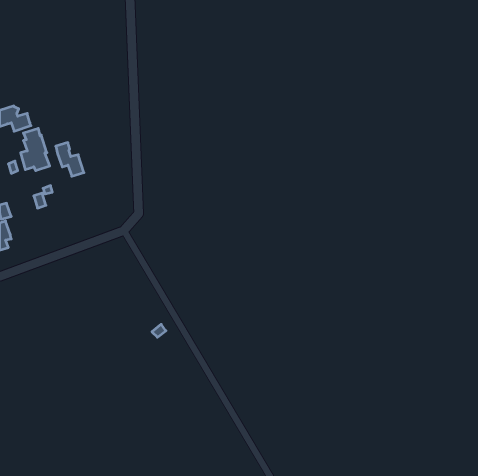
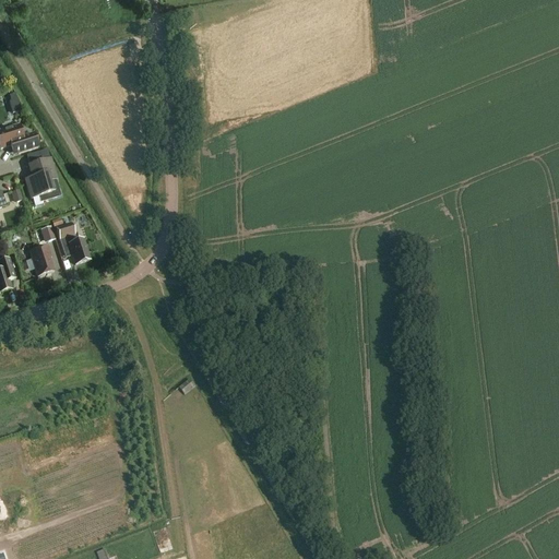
building: [56,143,84,176] -> [56,224,88,263]
building: none -> [28,245,52,275]

